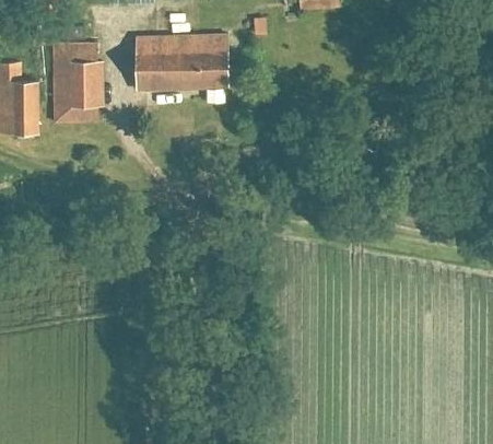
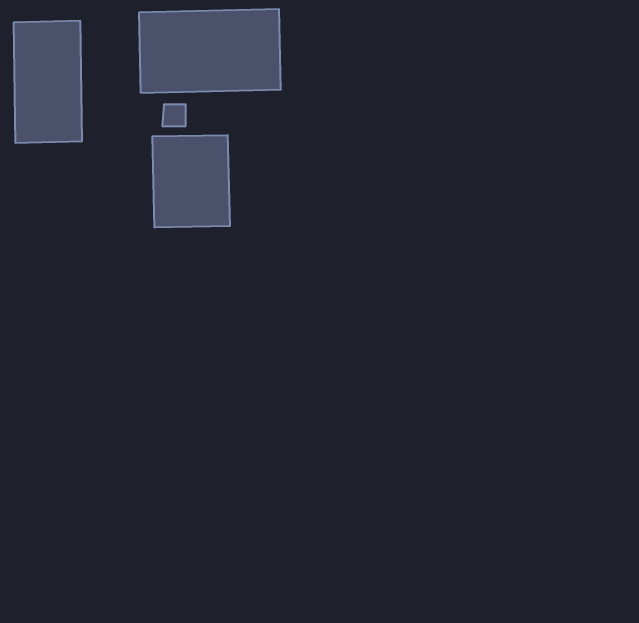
building: none -> [152,135,230,228]

